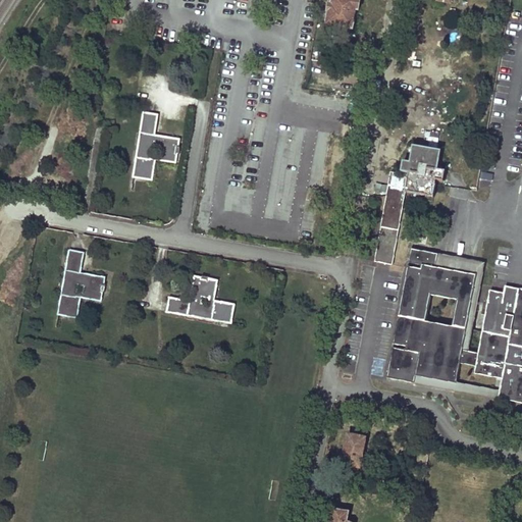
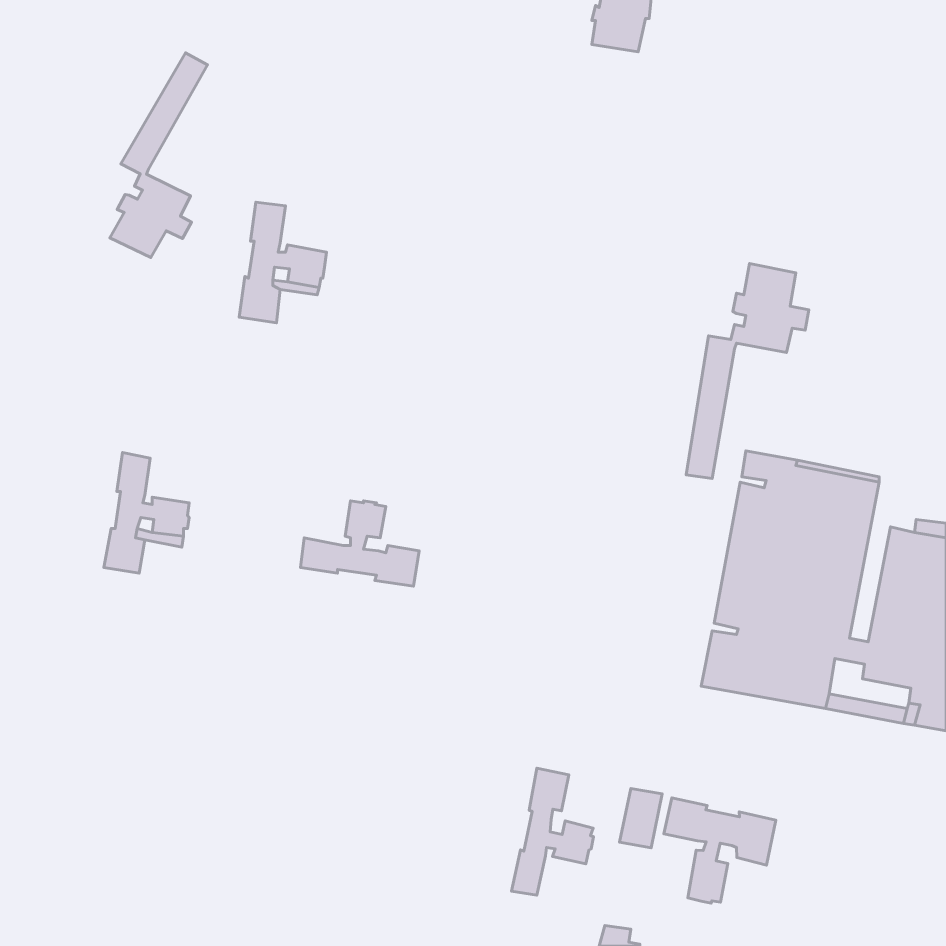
building: none -> [110,53,207,257]
building: none -> [511,768,594,895]
building: none -> [664,798,776,903]

